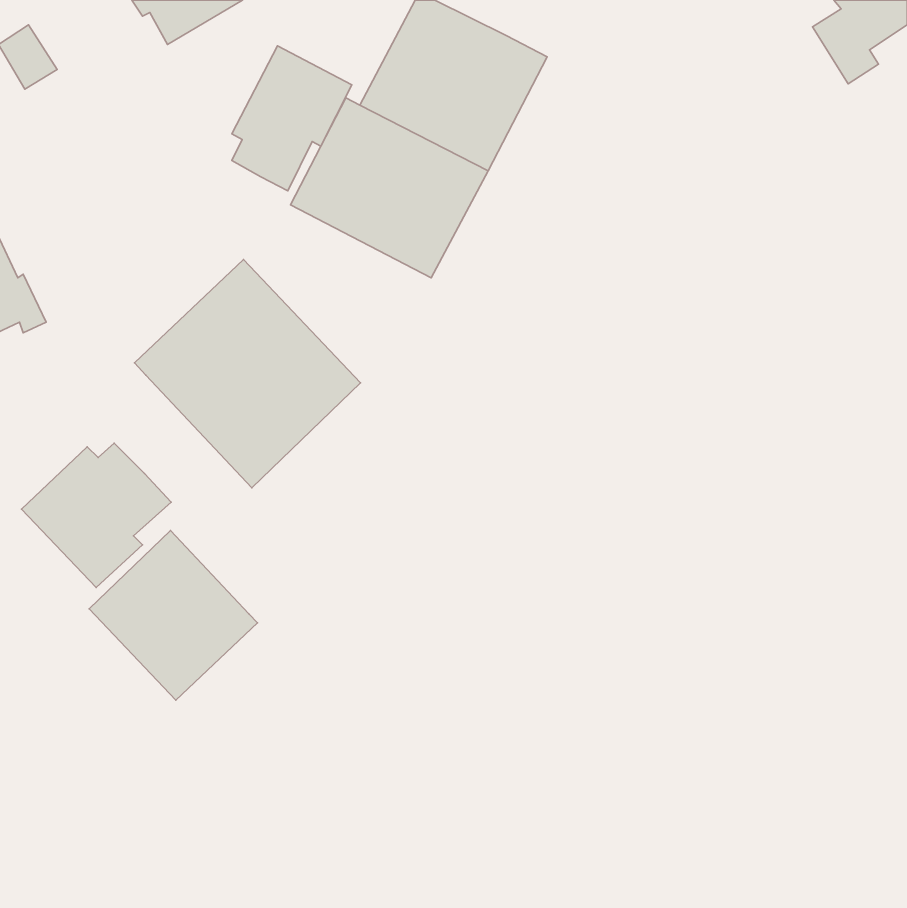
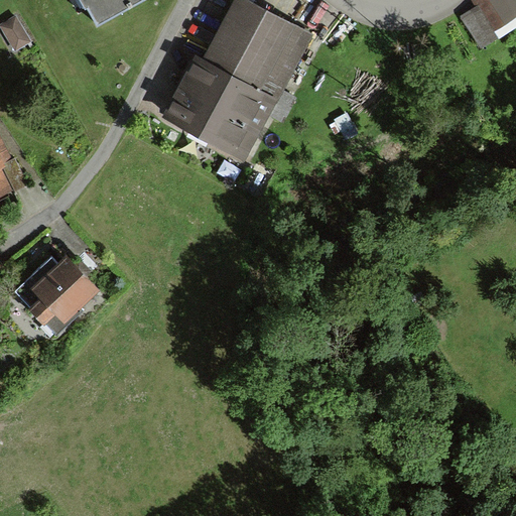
building: [232,46,352,191] -> none
building: [134,260,361,488] -> none
building: [89,530,257,700] -> none

